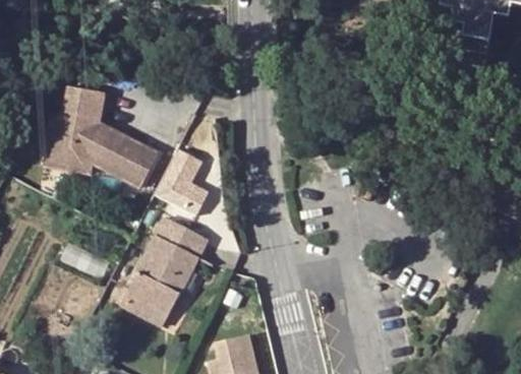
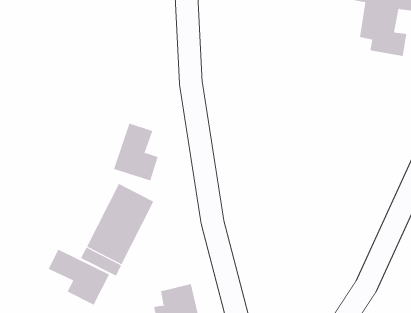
building: [46,88,159,187] -> none
building: none -> [48,249,110,306]

